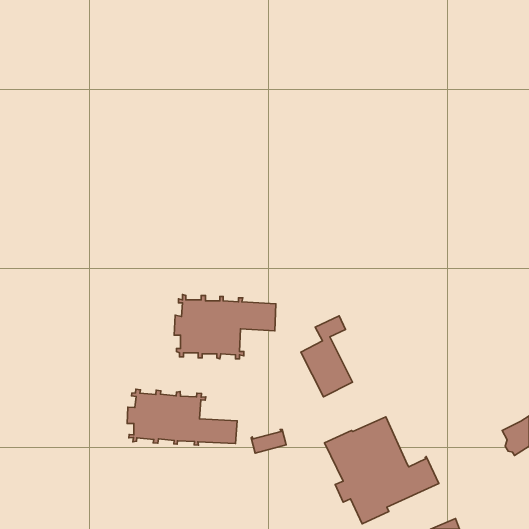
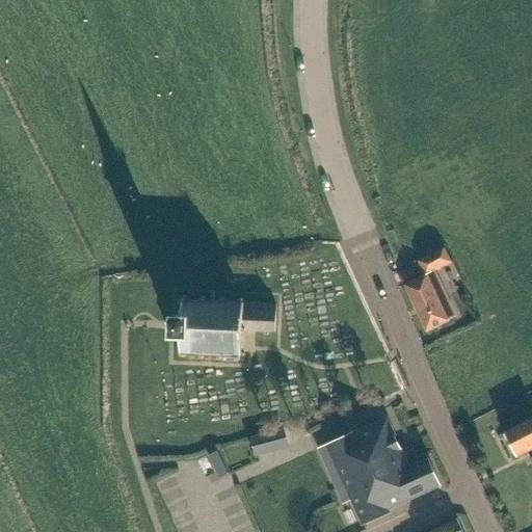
building: [301,316,353,397] -> [403,248,455,329]
building: [127,389,237,445] -> none

